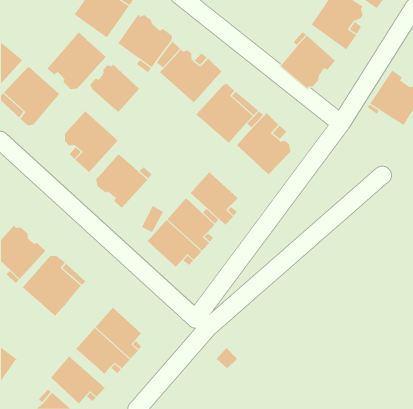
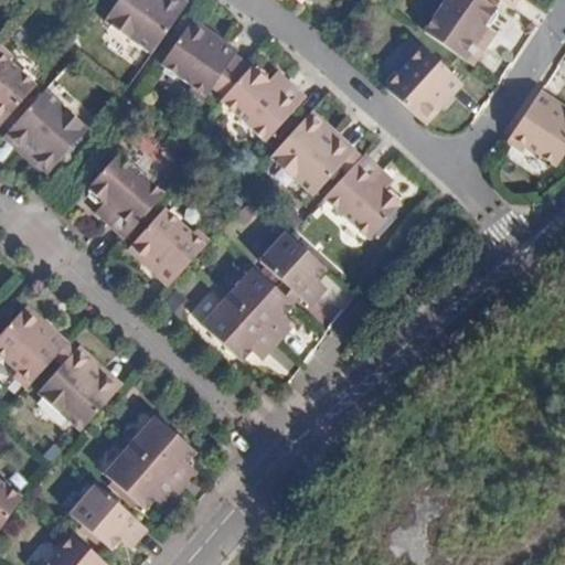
building: [46,32,106,90] -> none
building: [89,63,140,113] -> none

